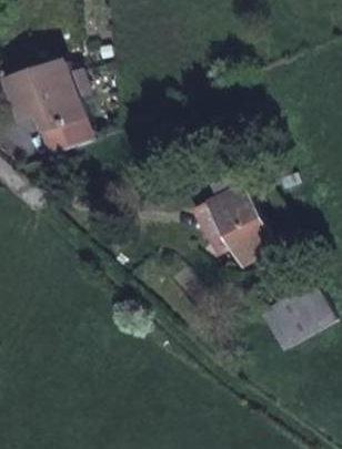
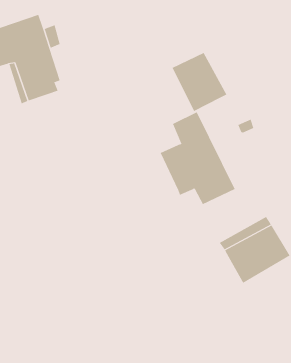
building: none -> [172,52,227,112]

